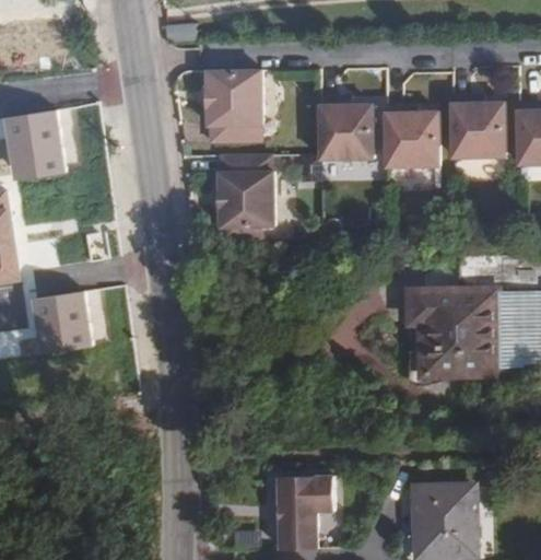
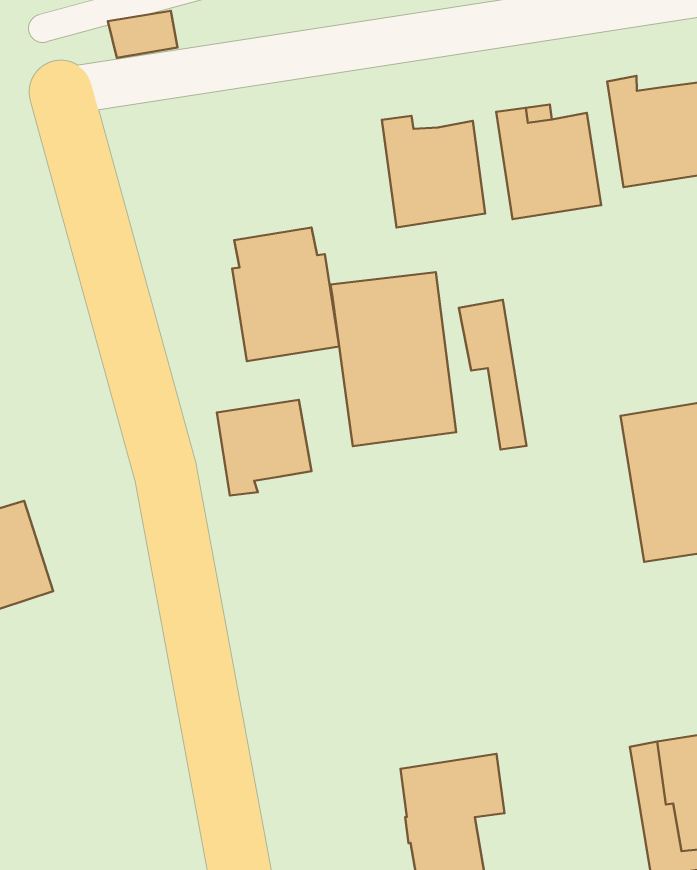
building: [198,69,252,141] -> none
building: none -> [331,272,456,446]
building: none -> [217,400,311,496]
building: [405,290,434,376] -> [459,300,527,449]

